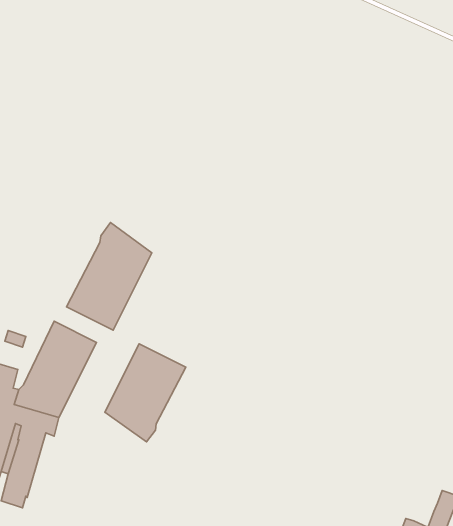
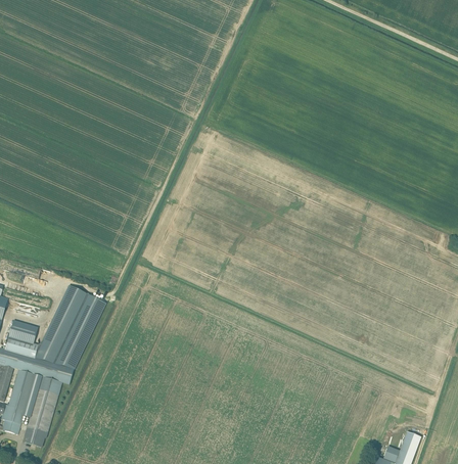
building: [66,223,152,330] -> none
building: [105,344,186,442] -> none

